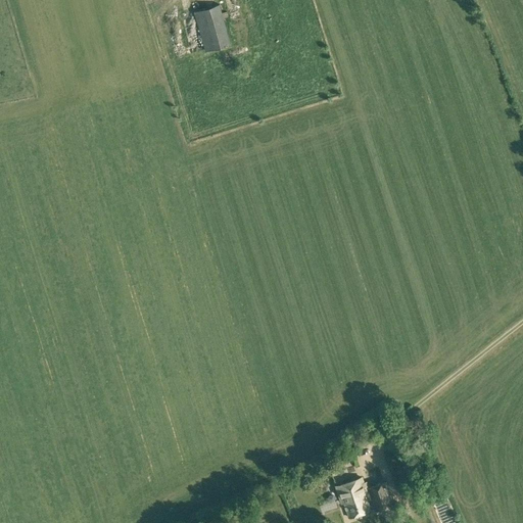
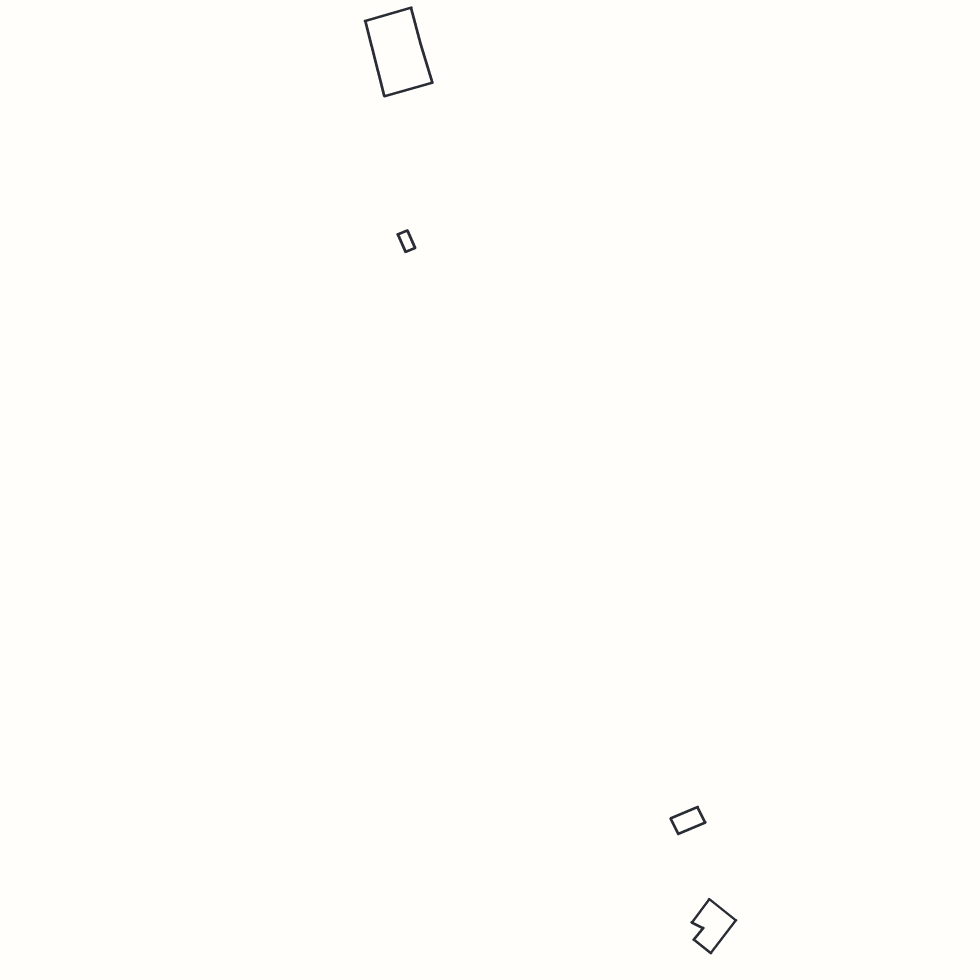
building: [335,478,369,518] -> none

